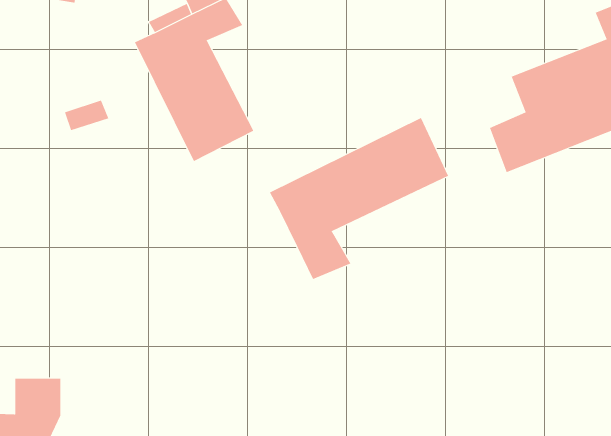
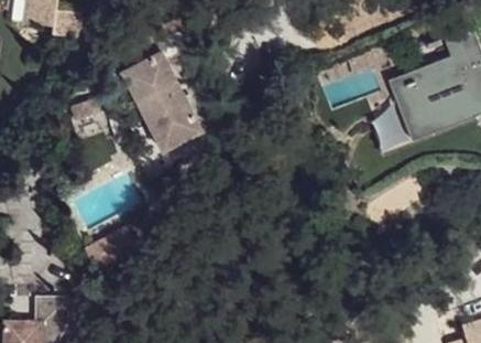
building: [269,117,449,280] -> none

